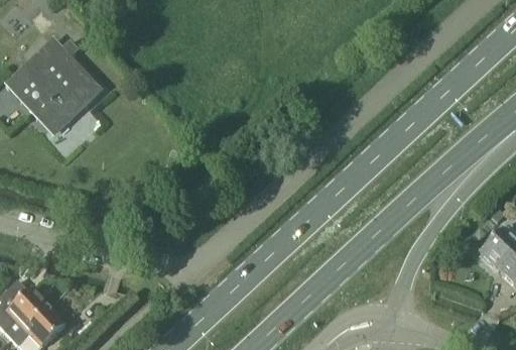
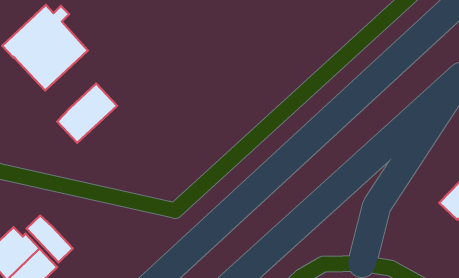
building: none -> [57,83,117,143]
building: none -> [27,215,73,262]

